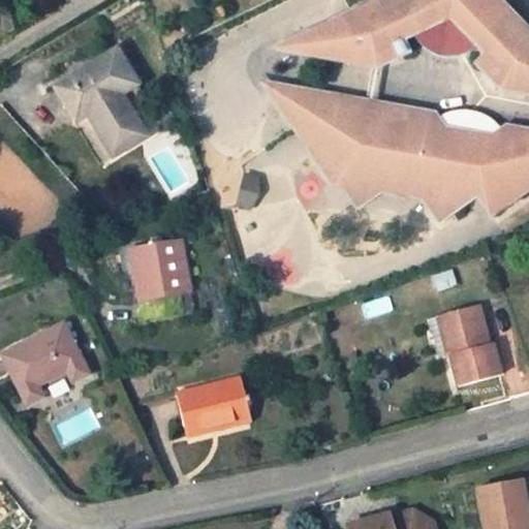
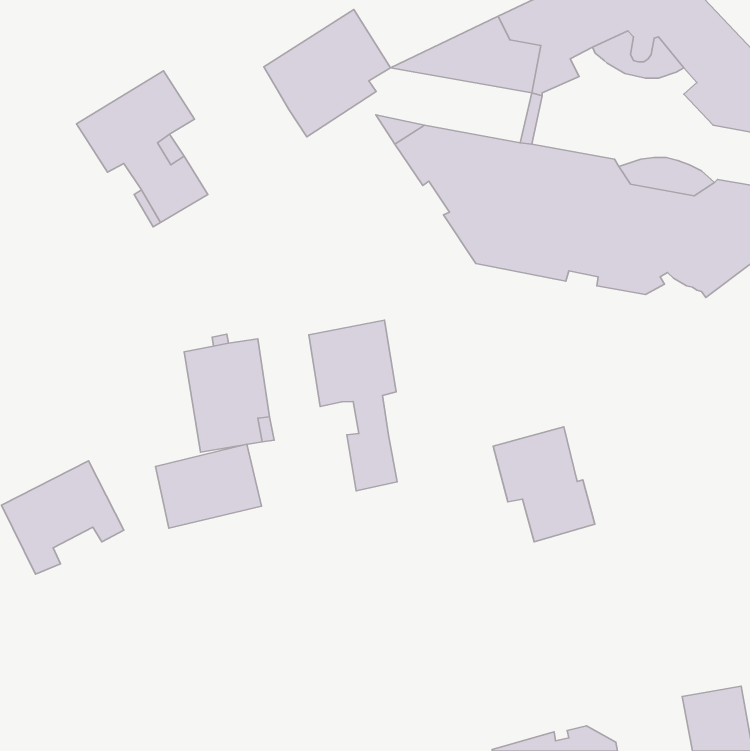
building: none -> [264,10,390,137]
building: none -> [309,320,397,491]
building: [431,305,502,385] -> [493,427,595,542]
building: [178,376,252,435] -> [156,444,262,528]

